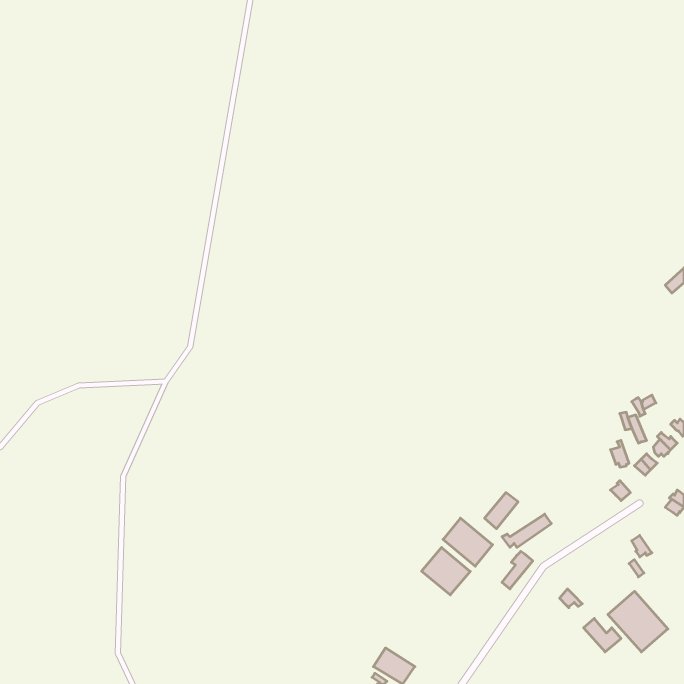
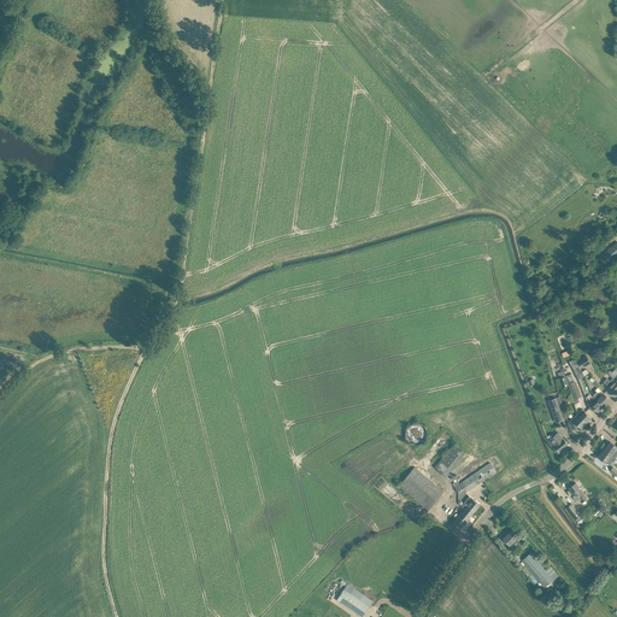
building: [422,547,470,595] -> none
building: [608,591,668,652] -> none

